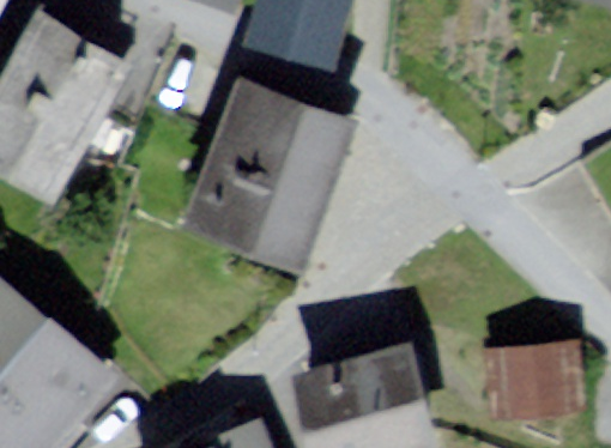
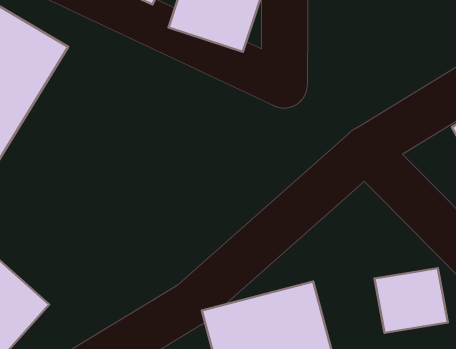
building: [186,84,344,262] -> none

